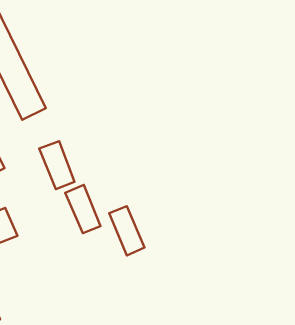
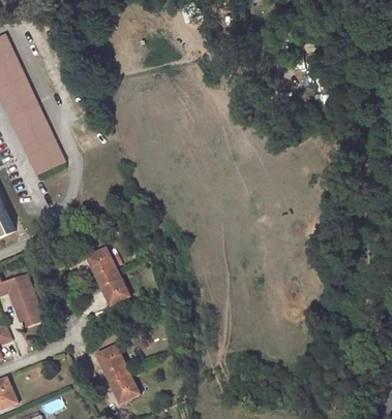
building: [39,141,74,189] -> none
building: [109,206,144,255] -> [95,347,137,405]

